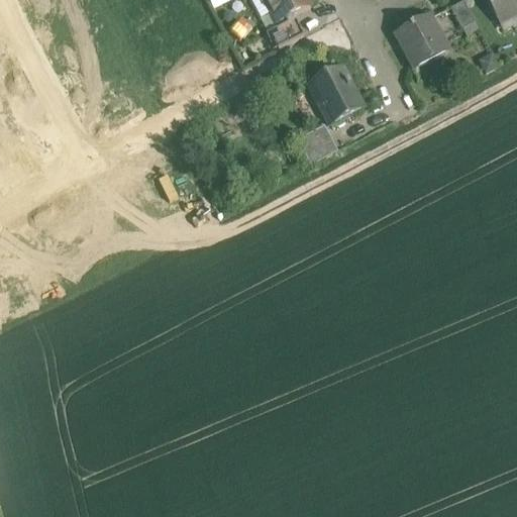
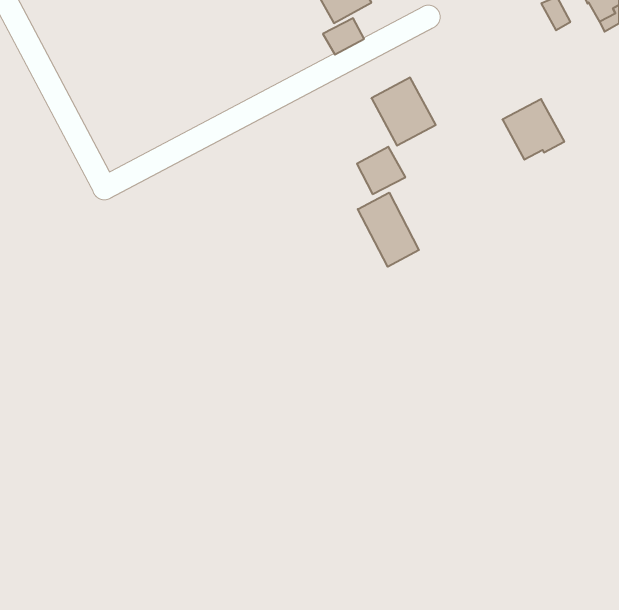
building: [396,12,447,63] -> [502,99,564,160]
building: none -> [358,193,419,267]

